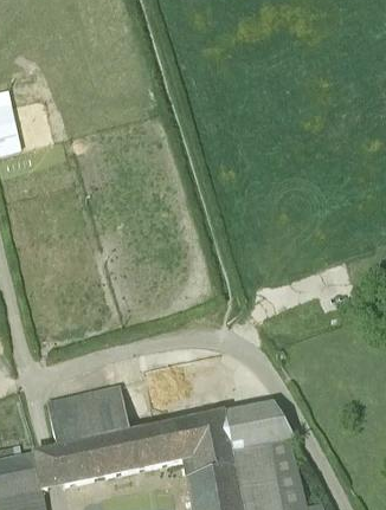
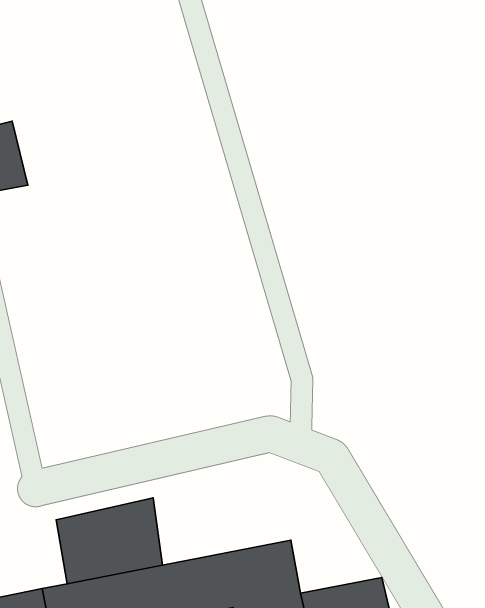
building: [224,402,292,453] -> none

